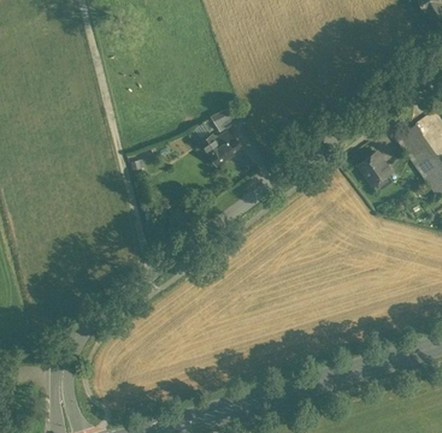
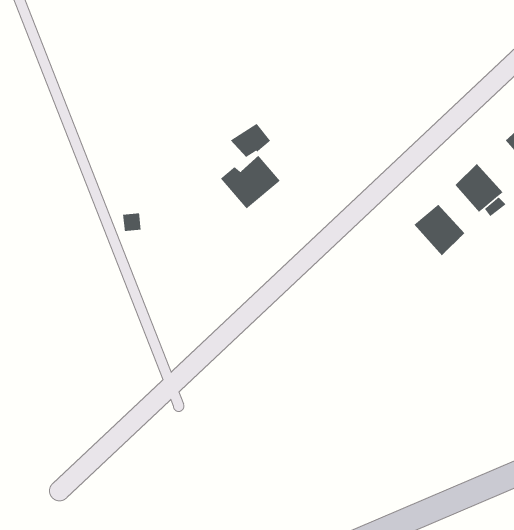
building: none -> [413,204,465,256]

